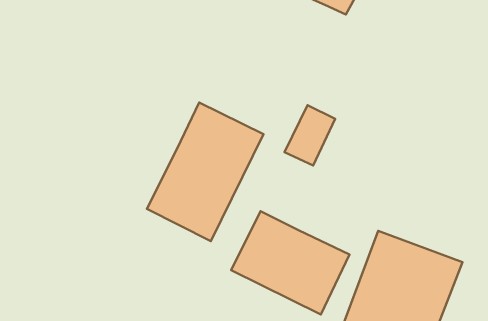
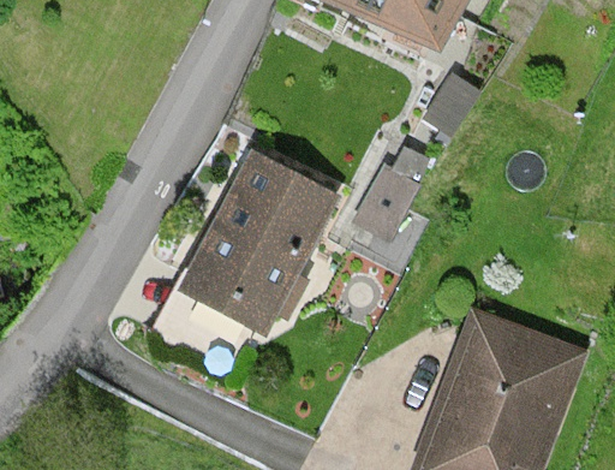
building: [231,211,350,315] -> none

